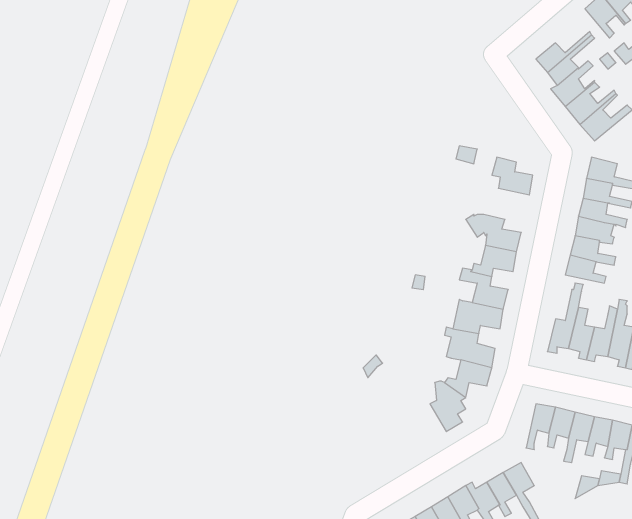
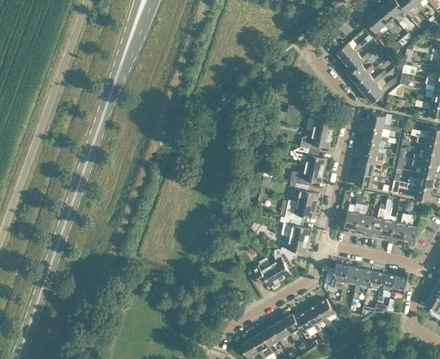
building: none -> [299,131,331,150]
building: none -> [251,263,280,287]

